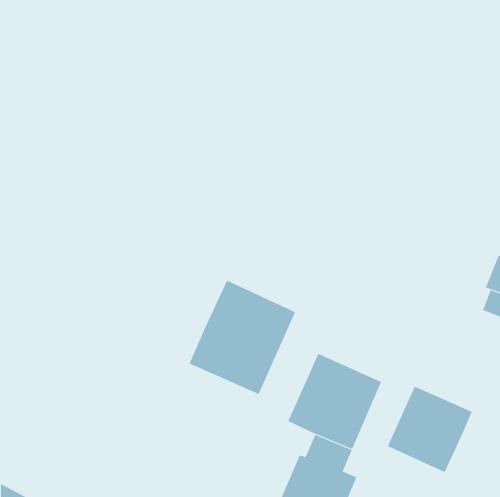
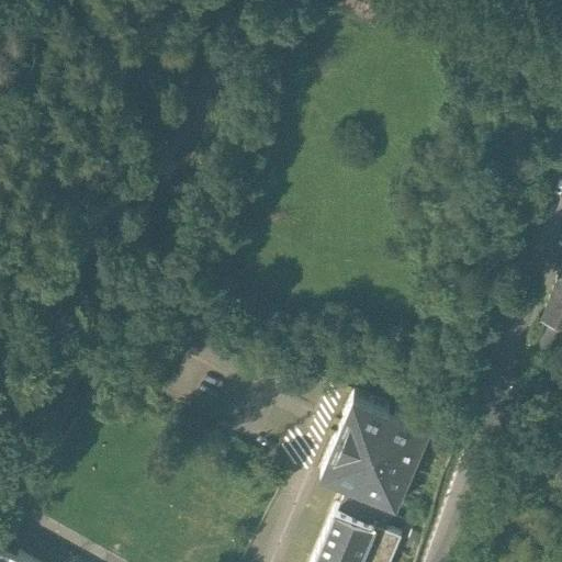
building: [189,280,296,395] -> none
building: [387,386,472,473] -> none

